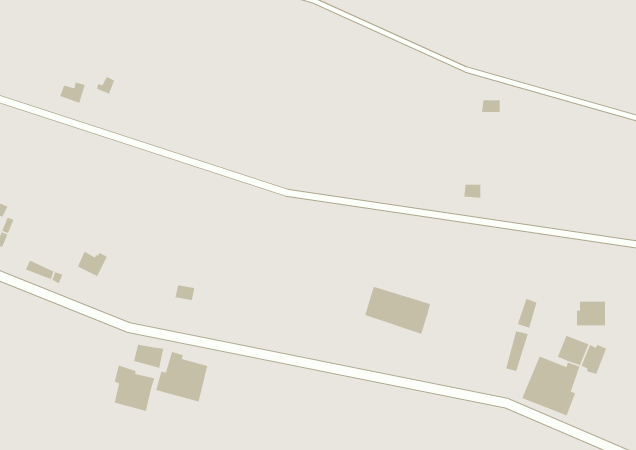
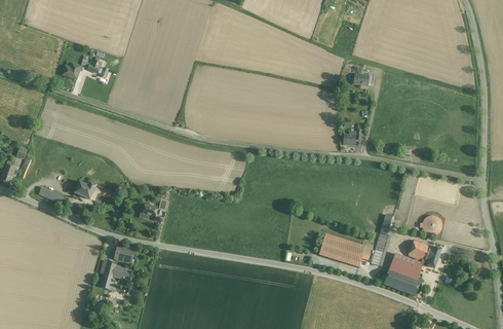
building: [364,286,431,335] -> [319,232,365,266]
building: [155,351,208,403] -> none

